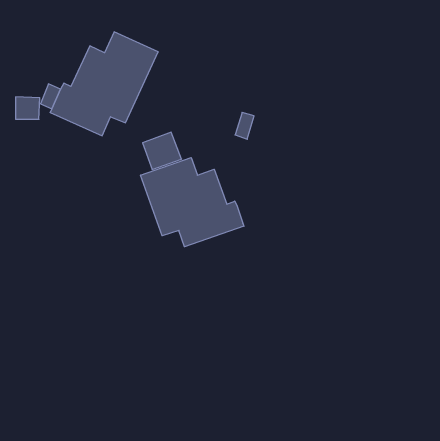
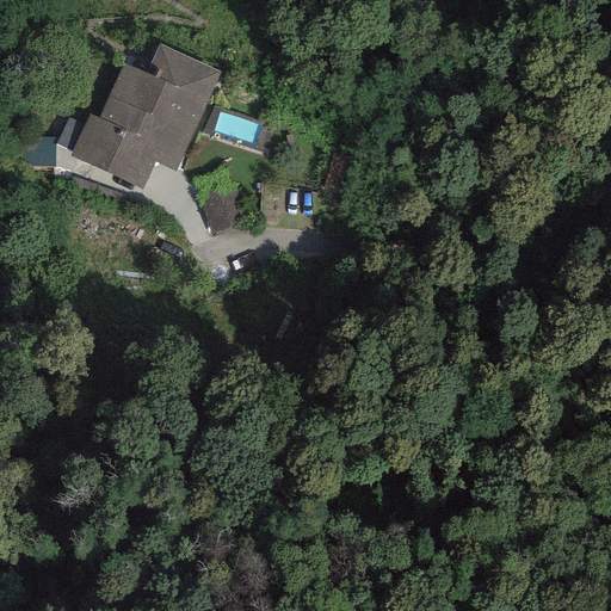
building: [141,158,244,247] -> none

